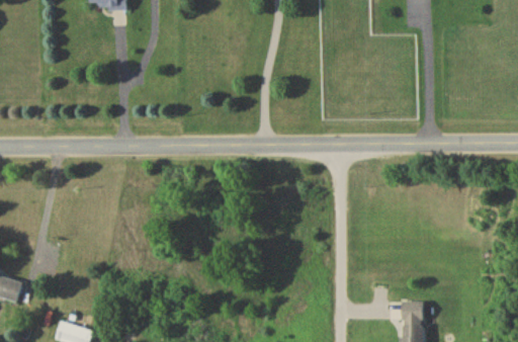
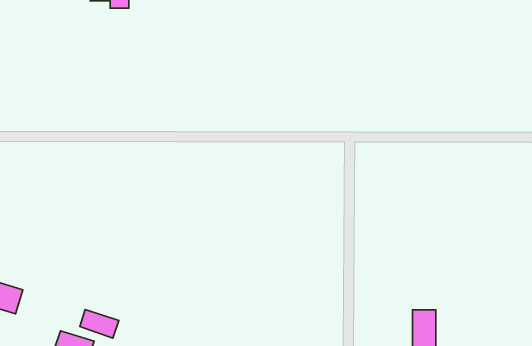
building: none -> [80,309,119,338]

